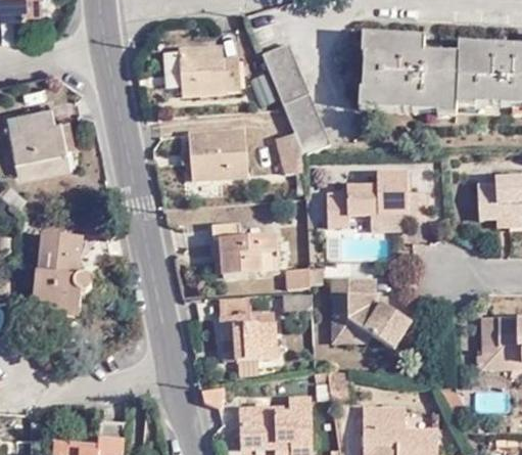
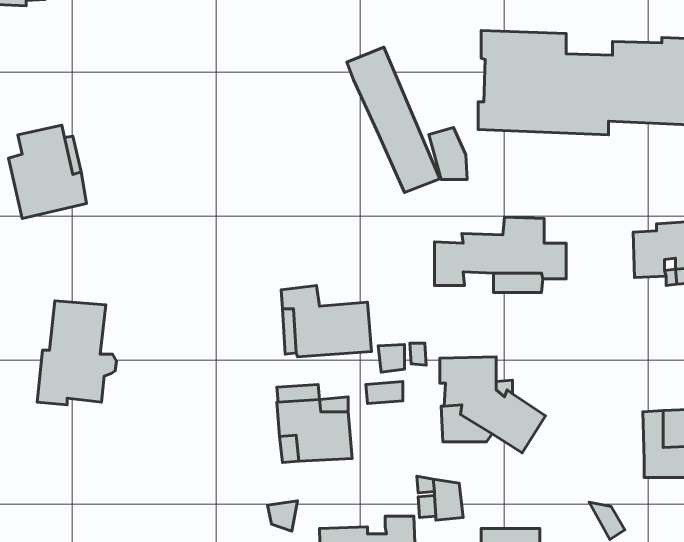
building: [178,49,238,94] -> none
building: [191,134,250,181] -> none
building: [277,134,305,173] -> [429,128,467,180]

